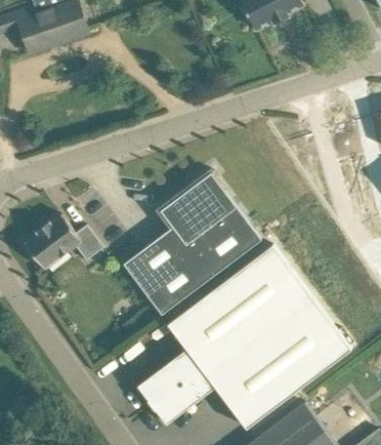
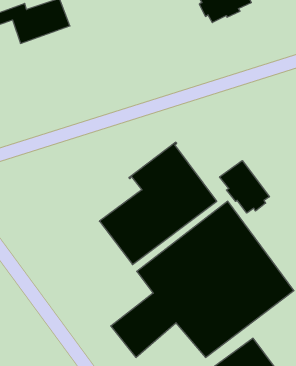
building: none -> [220,161,269,213]
building: [25,214,103,270] -> none

